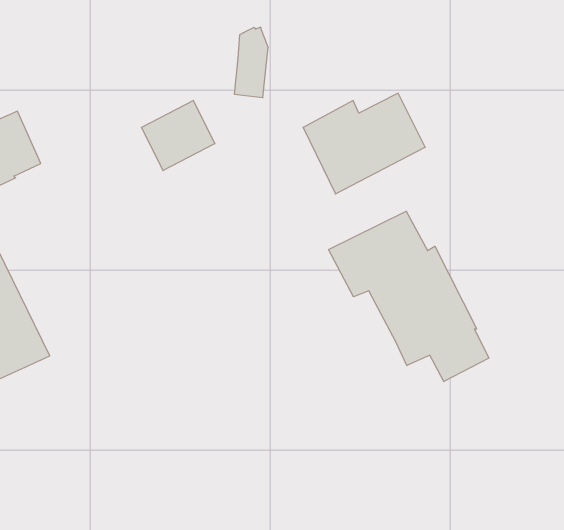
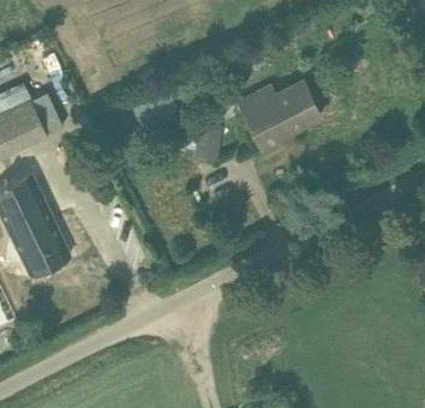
building: [234,28,268,98] -> [196,116,219,163]
building: [329,211,489,382] -> none

